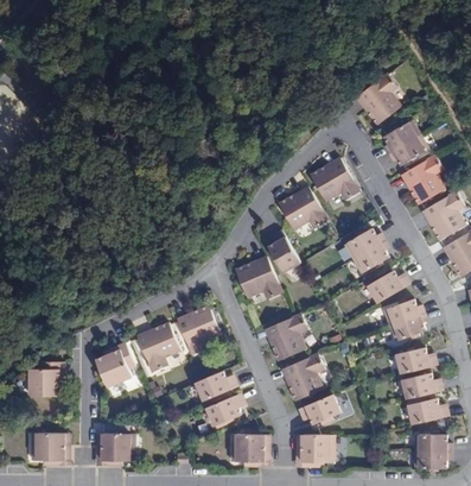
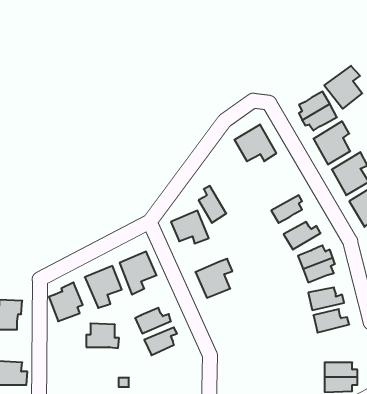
building: [356,74,400,124] -> [324,66,362,109]
building: [278,187,327,229] -> none
building: [344,228,384,258] -> none
building: [281,353,324,399] -> none
building: [298,393,340,424] -> none
building: [407,398,448,424] -> none
building: [96,433,134,461] -> [86,323,119,348]
building: [230,434,269,462] -> none
building: [295,434,333,462] -> none

